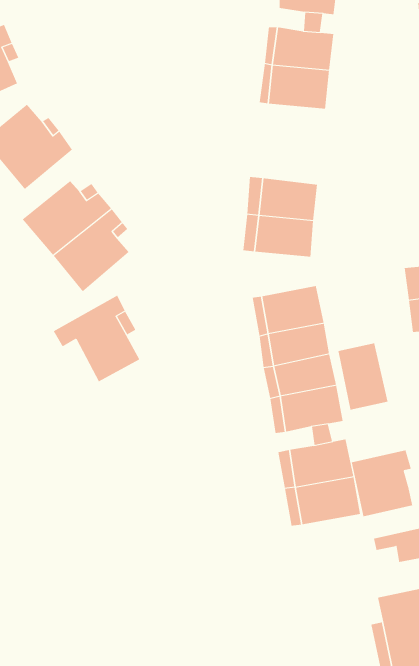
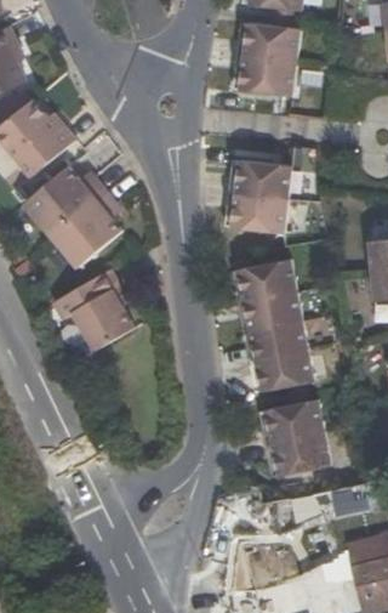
building: [338,343,388,410] -> none
building: [351,450,413,517] -> none

